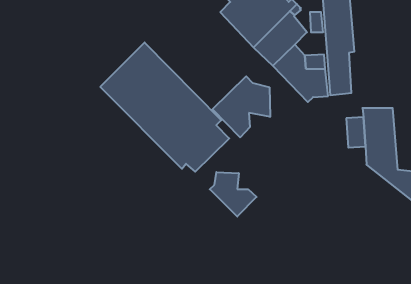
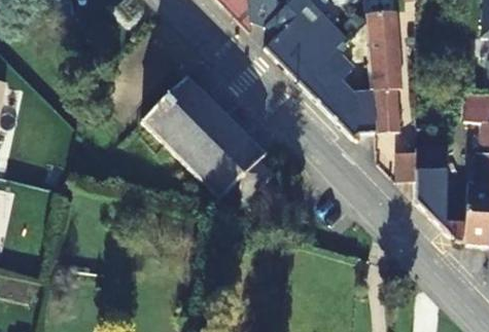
building: [212,76,270,137] -> none
building: [210,172,257,217] -> none

